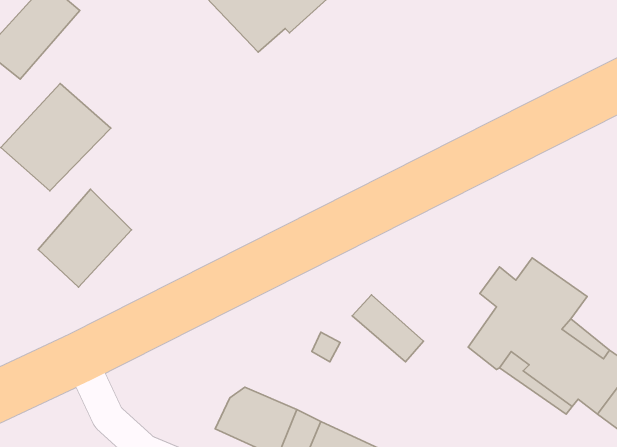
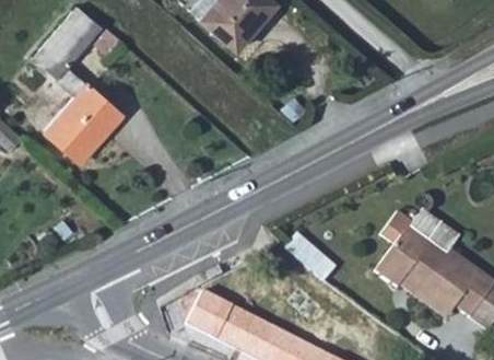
building: [38,189,132,287] -> none

